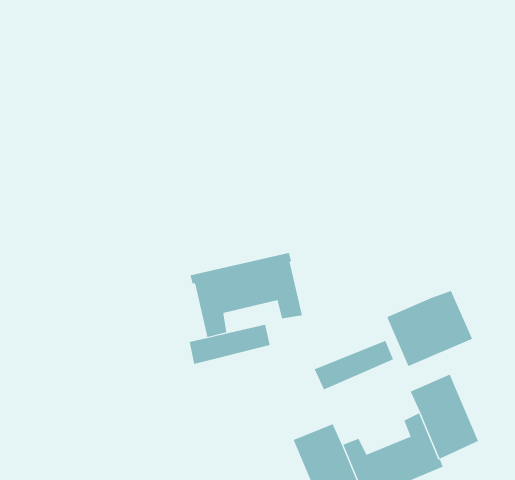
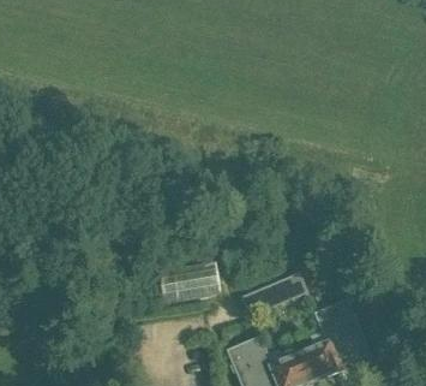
building: [190,252,302,338] -> none
building: [387,290,473,367] -> none

